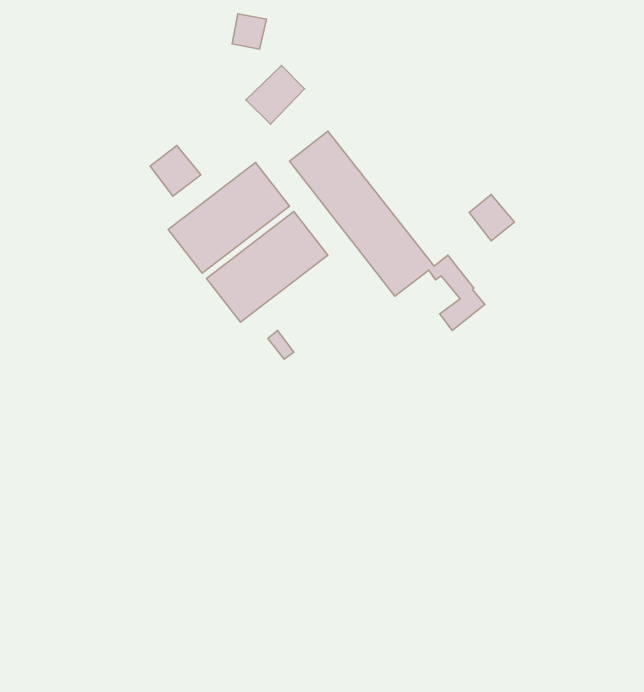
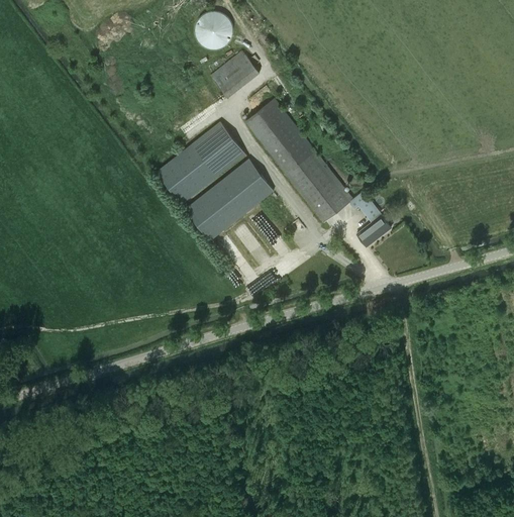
building: [150,146,201,196] -> none
building: [469,195,515,241] -> none

